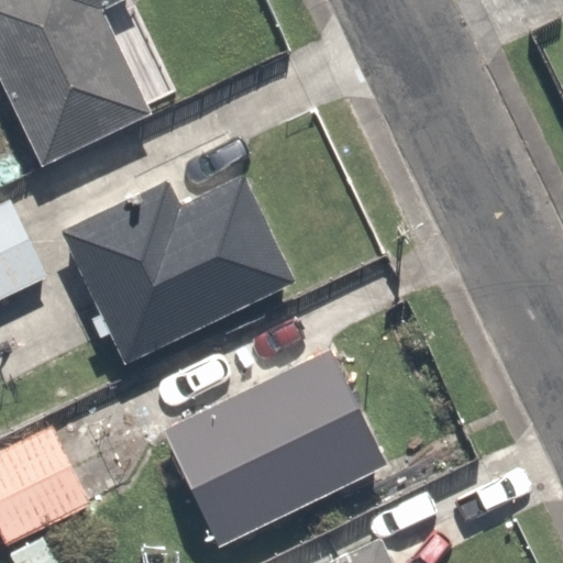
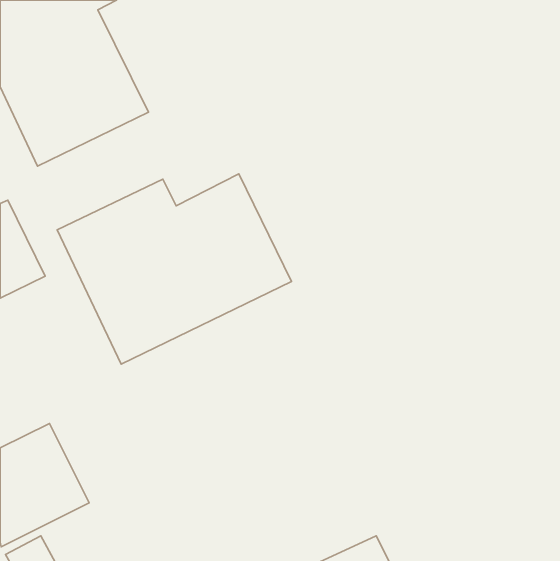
building: [158,345,387,547] -> none

